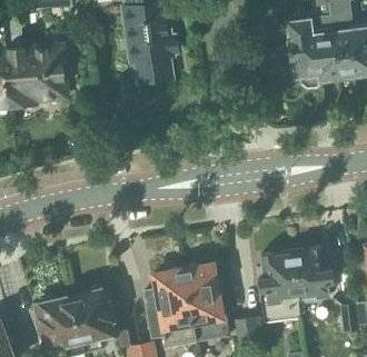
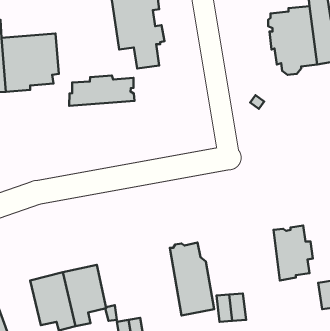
building: none -> [69,76,135,106]
building: [257,250,300,323] -> none
building: [145,268,195,345] -> none

